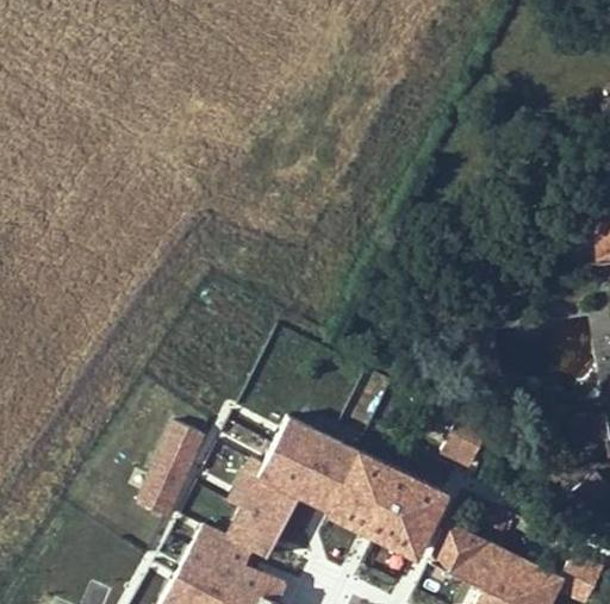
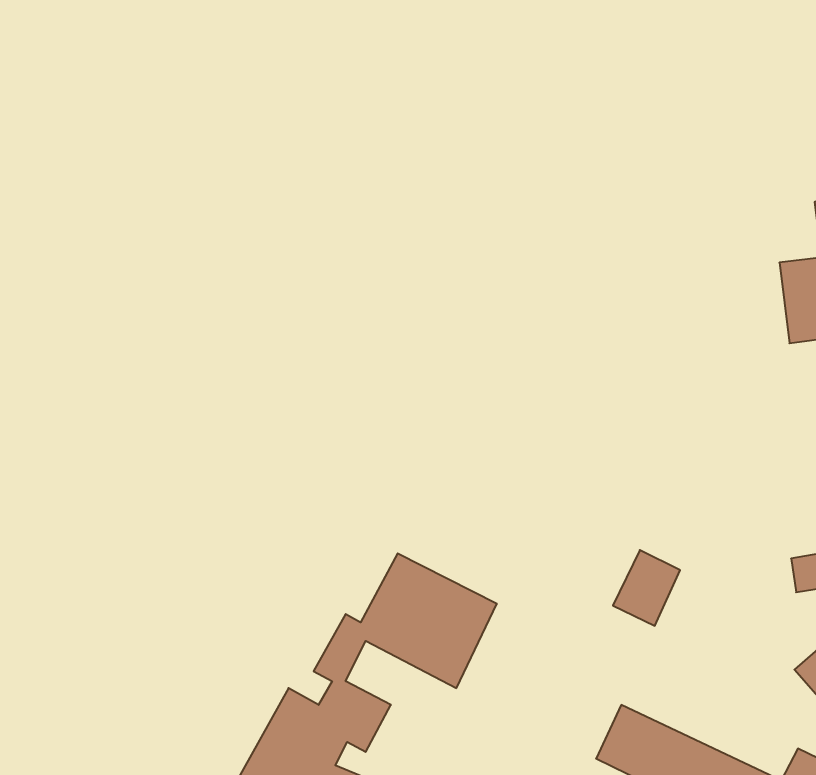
building: [142,425,204,517] -> none
building: [334,454,448,555] -> none
building: [255,480,301,525] -> none

